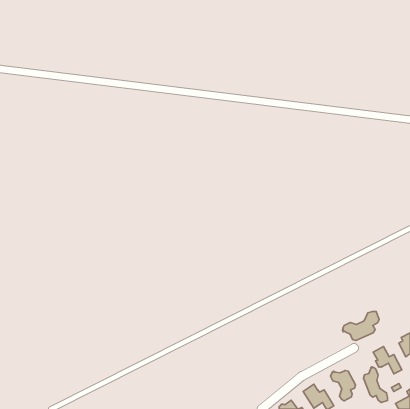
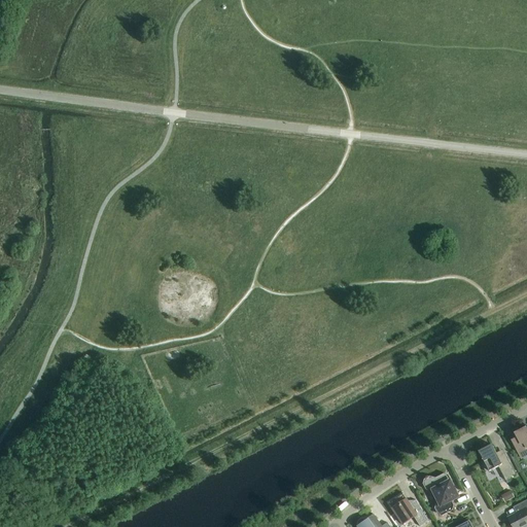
building: [342,312,379,341] -> none
building: [364,367,388,402] -> none

